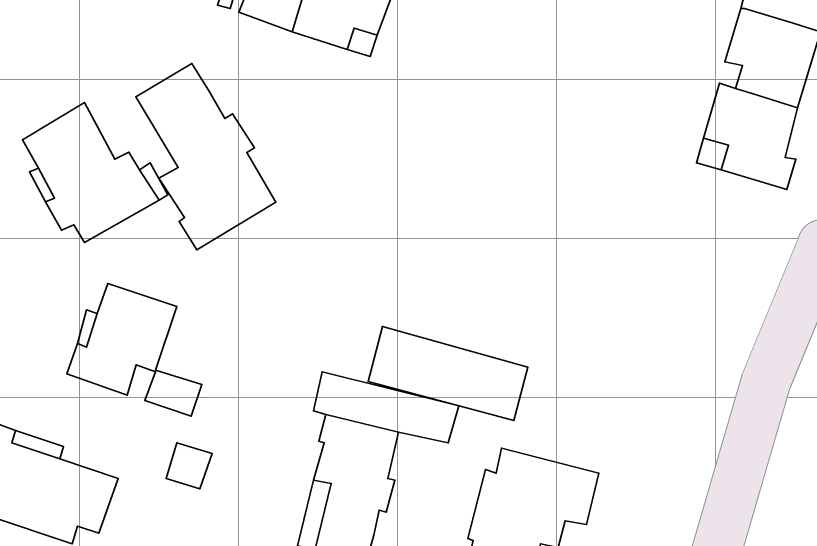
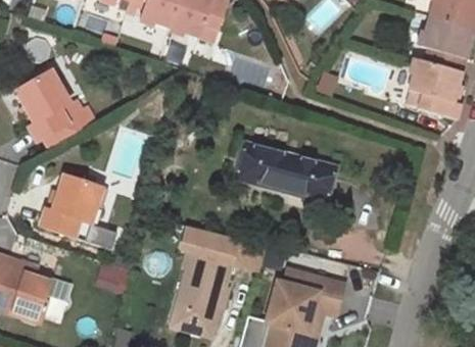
building: [136,63,276,250] -> none
building: [368,326,528,420] -> [240,145,332,199]

